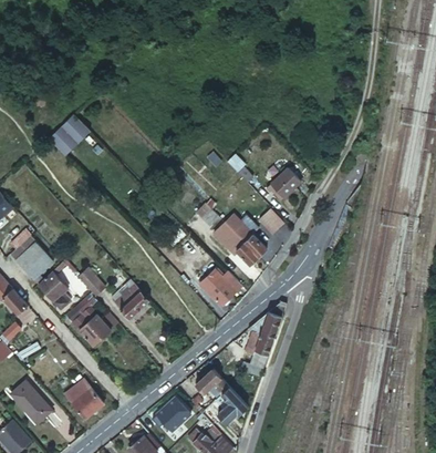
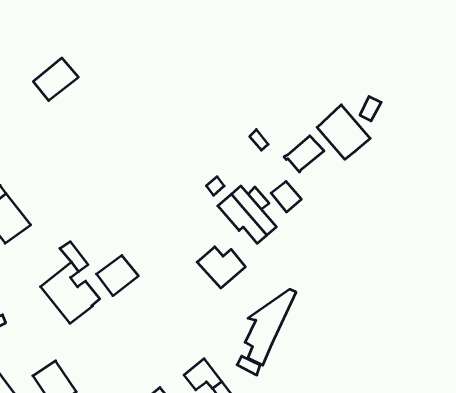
building: none -> [317,105,370,159]
building: [37,271,68,310] -> none

